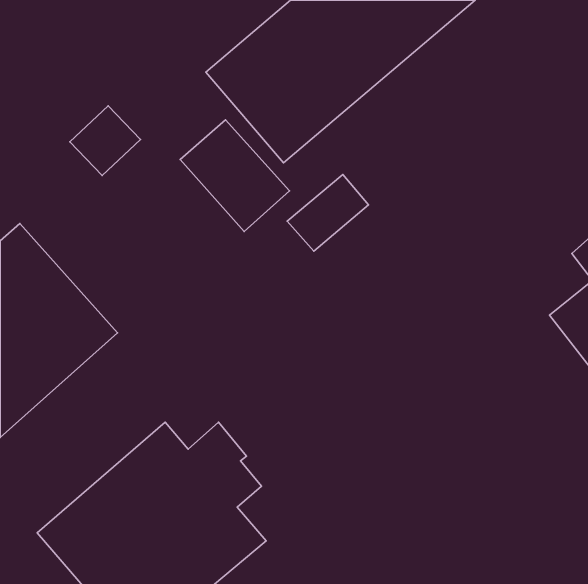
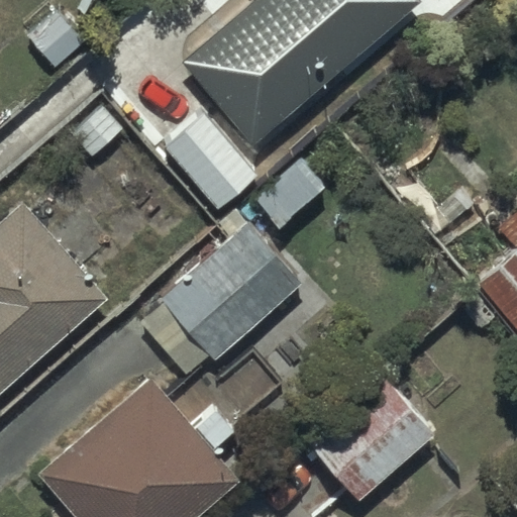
building: none -> [141,209,303,376]
building: none -> [306,373,434,500]

